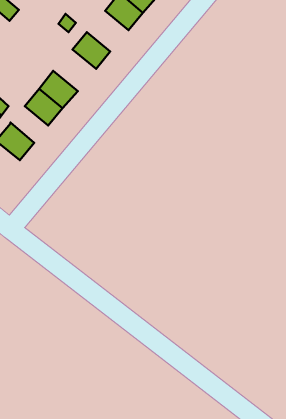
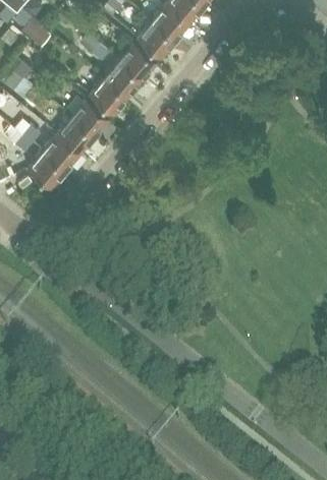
building: none -> [118,39,157,76]
building: none -> [89,74,127,112]
building: none -> [42,131,79,168]

